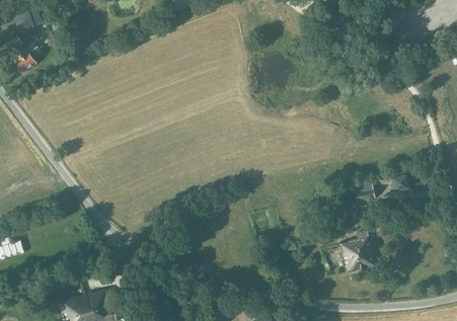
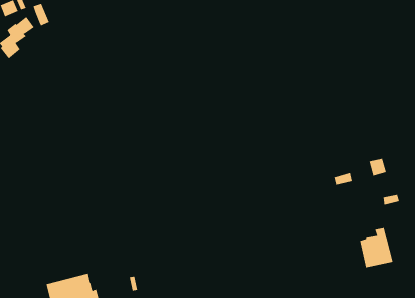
building: [341,230,376,271] -> [359,227,393,268]

